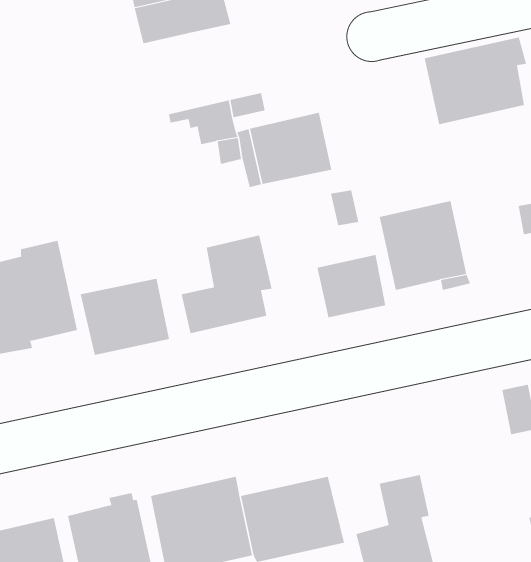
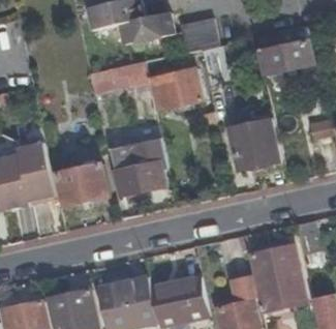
building: none -> [119,11,173,44]
building: none -> [178,18,216,52]
building: [317,254,386,318] -> none
building: none -> [251,245,305,310]

